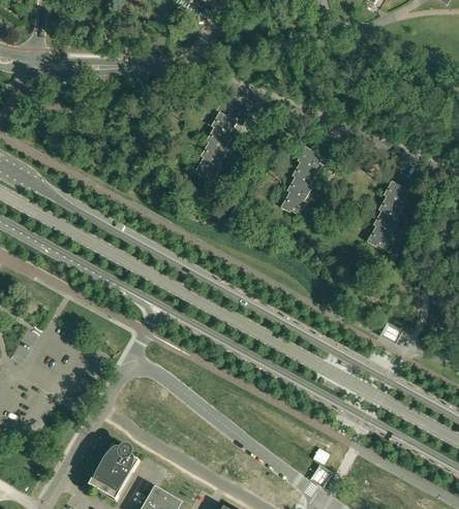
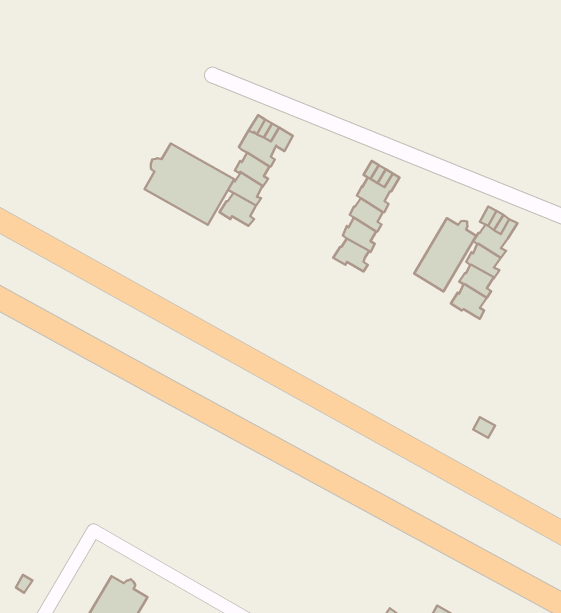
building: none -> [145,144,234,225]
building: none -> [414,218,476,291]

